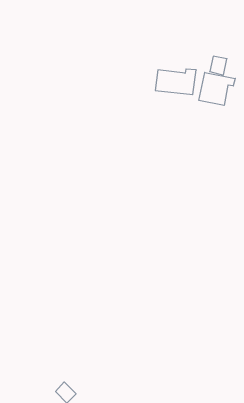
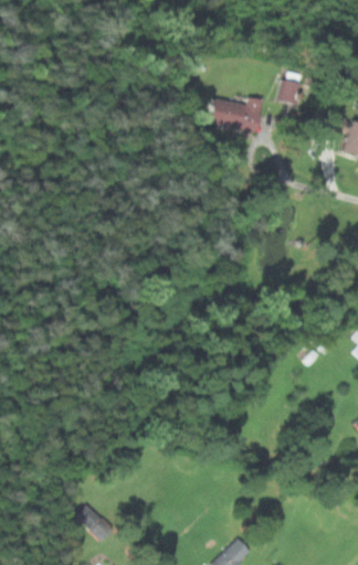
building: [199,72,235,105] -> none

